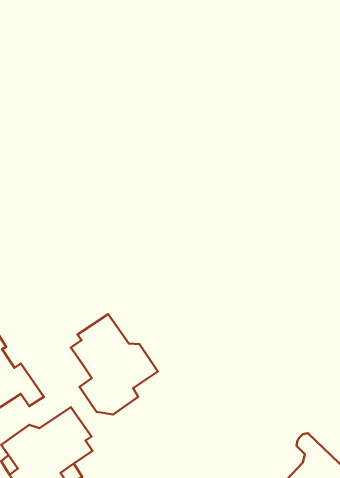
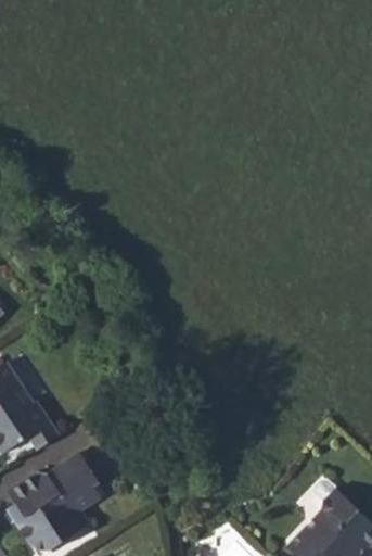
building: [71,314,158,414] -> none

